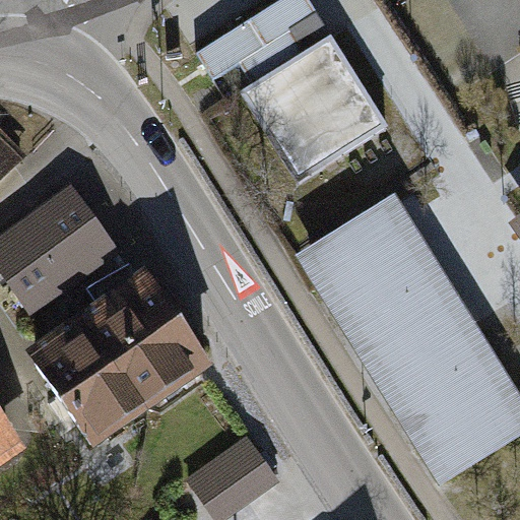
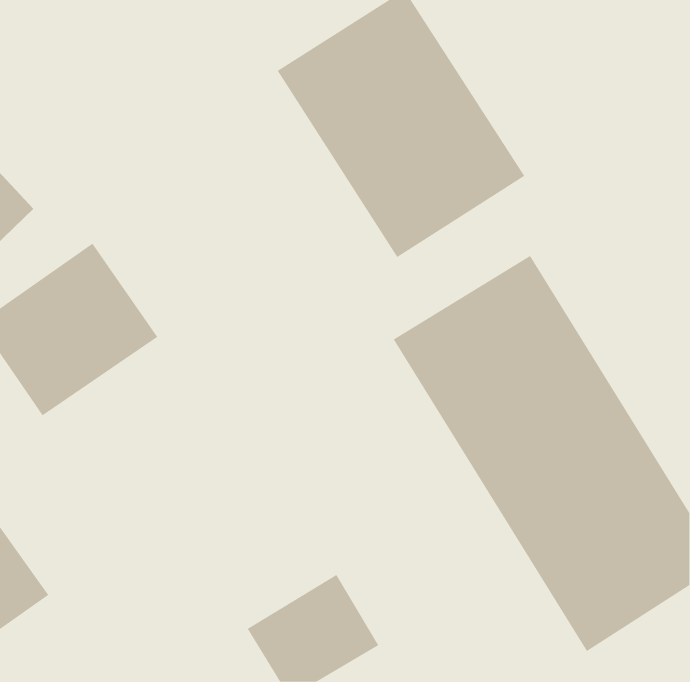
building: [22,264,215,451] -> none

